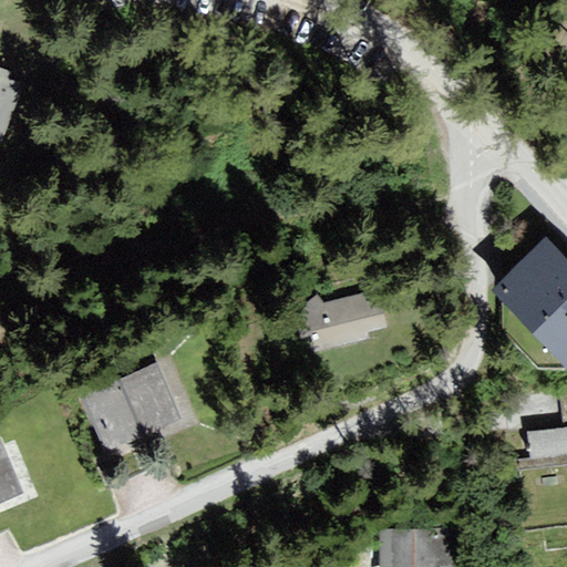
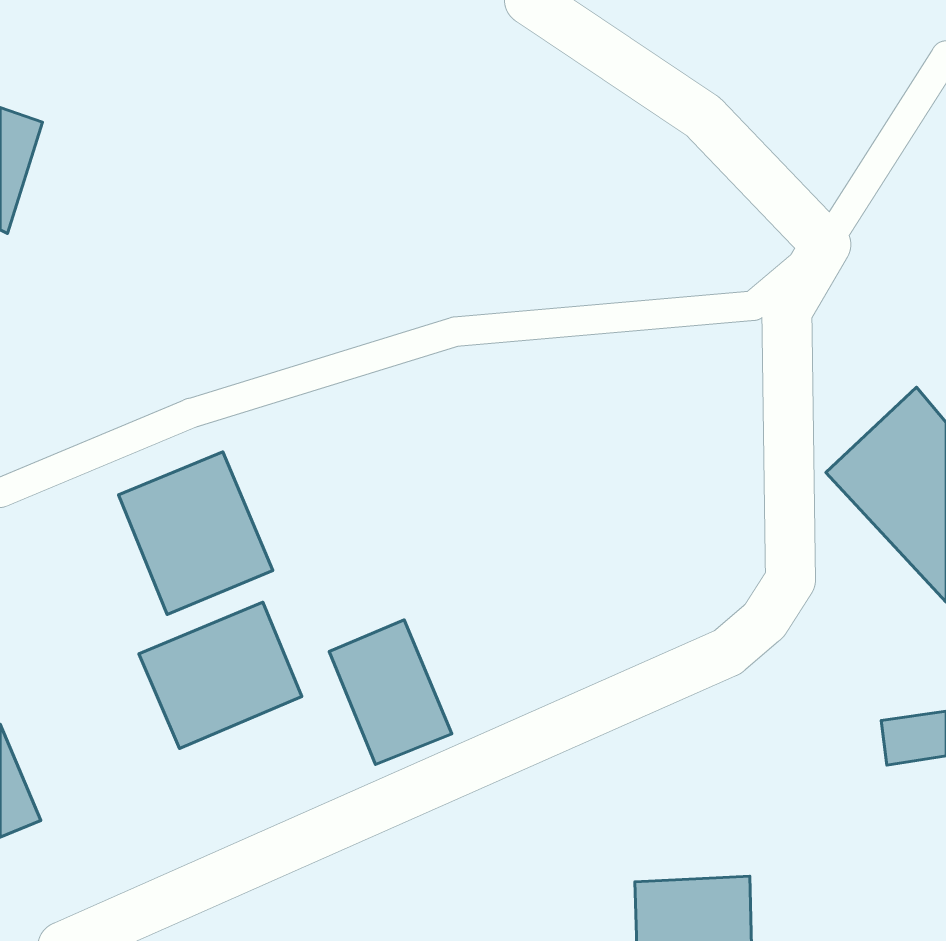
building: none -> [118,452,273,614]
building: [296,291,388,353] -> none
building: none -> [329,620,452,765]

